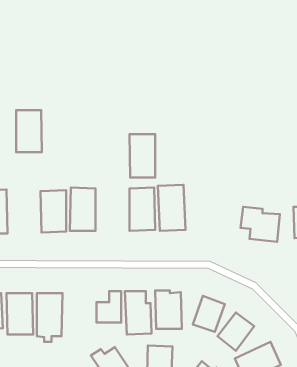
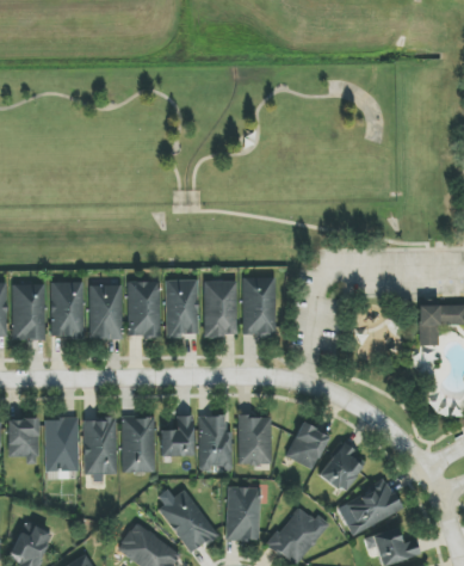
building: [16,110,42,152] -> [50,282,83,337]
building: [129,134,155,177] -> [165,279,198,336]
building: none -> [122,417,155,473]

